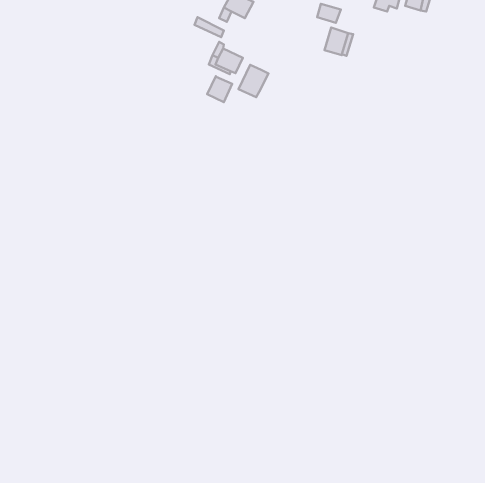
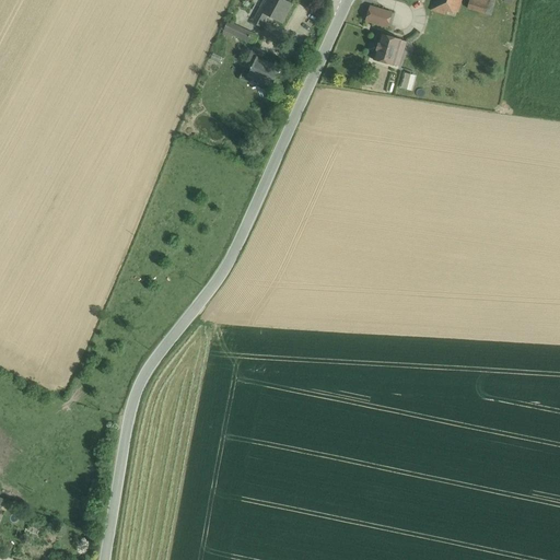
building: [238,65,269,97] -> none
building: [207,76,232,102] -> none

